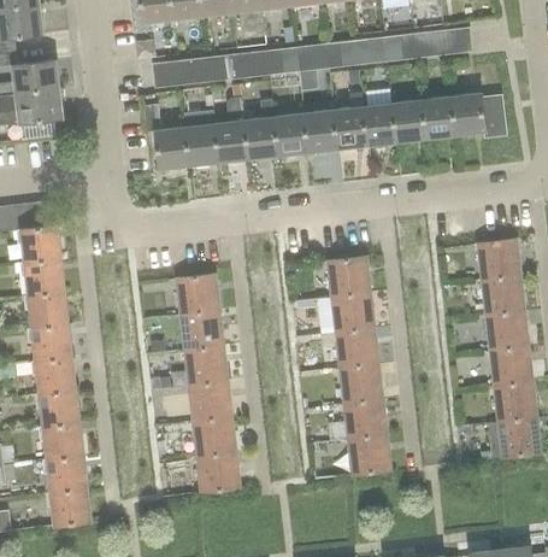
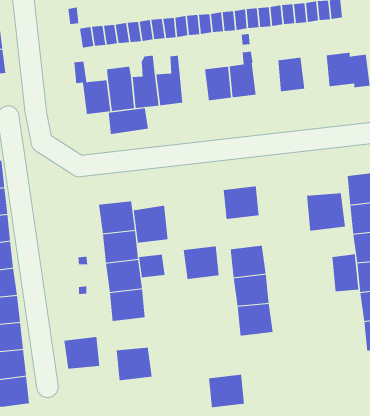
building: [420,96,454,137] -> none
building: [361,102,395,145] -> none
building: [273,113,307,154] -> none
building: none -> [108,107,148,135]
building: none -> [307,192,345,231]
building: none -> [133,205,168,244]
building: [329,292,373,333] -> [183,246,220,280]
building: none -> [332,253,359,292]
building: none -> [138,254,165,278]
building: [190,416,235,456] -> [64,337,100,369]
building: [346,434,390,475] -> [208,374,245,408]

